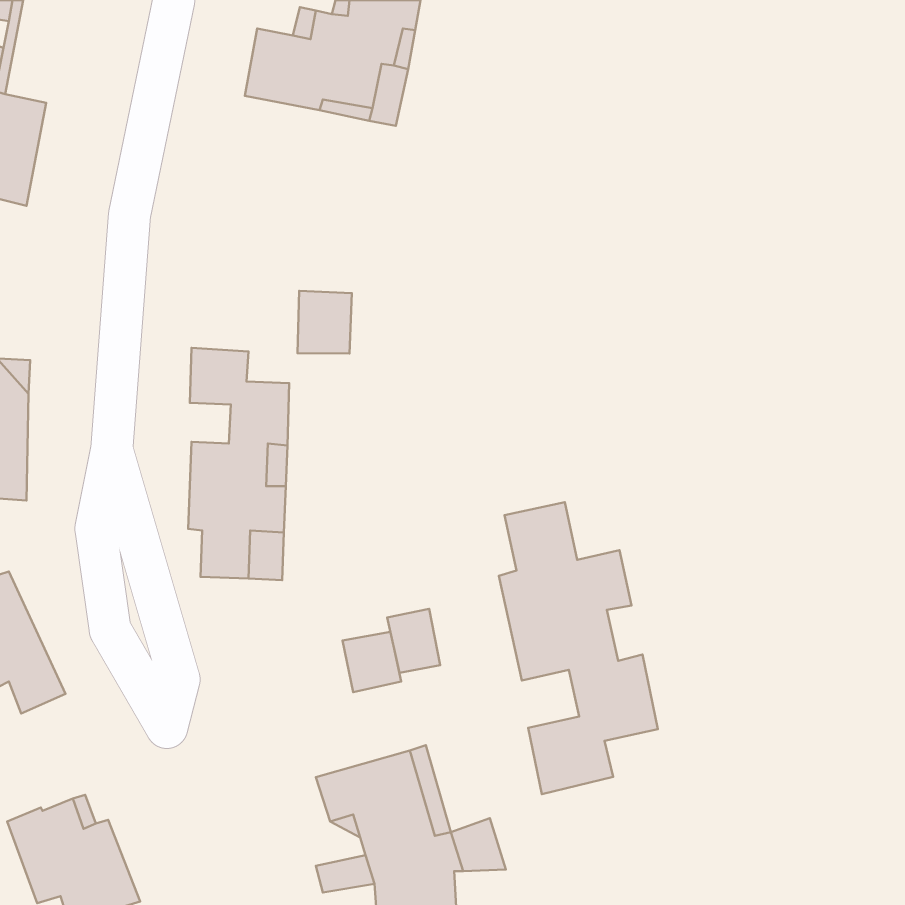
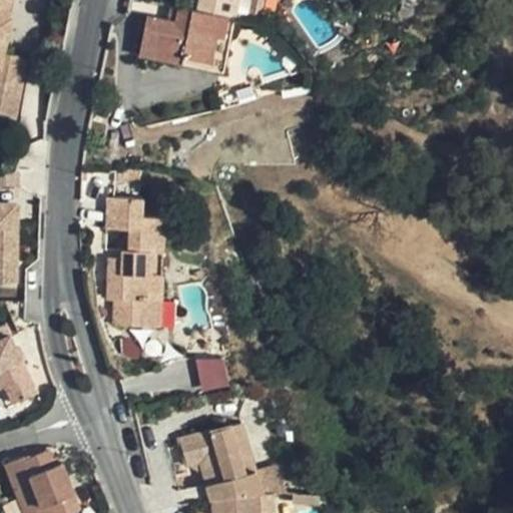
building: [298,291,352,354] -> none
building: [499,502,658,794] -> none
building: [387,609,440,673] -> none

